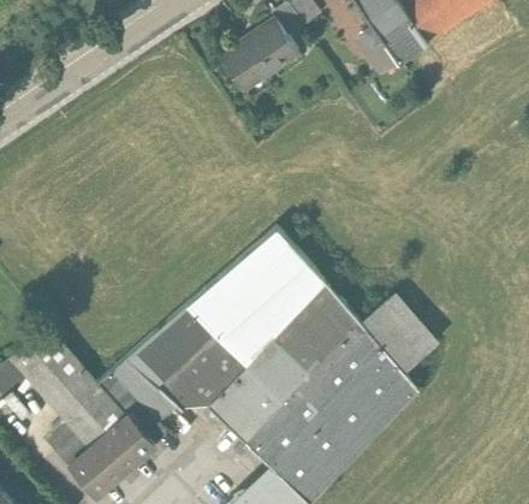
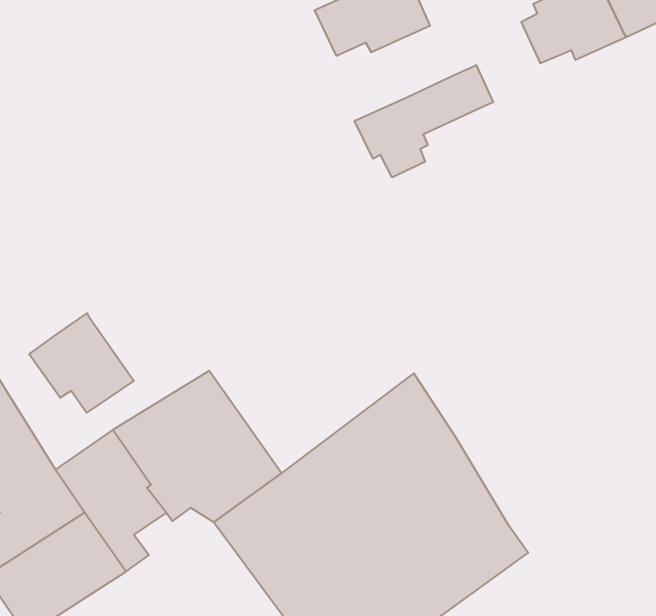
building: none -> [355,65,493,177]
building: [189,231,325,366] -> none
building: none -> [29,313,134,413]
building: [359,295,439,376] -> none

